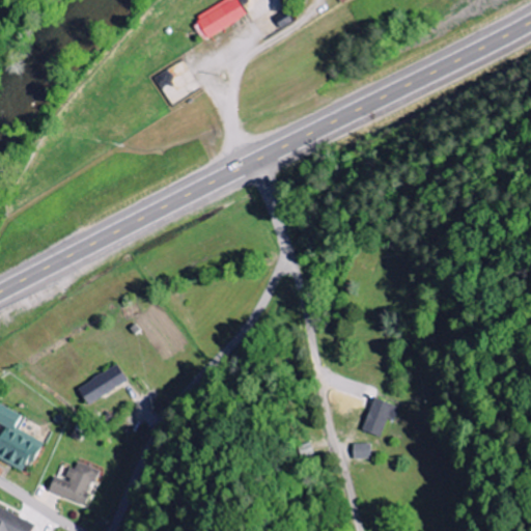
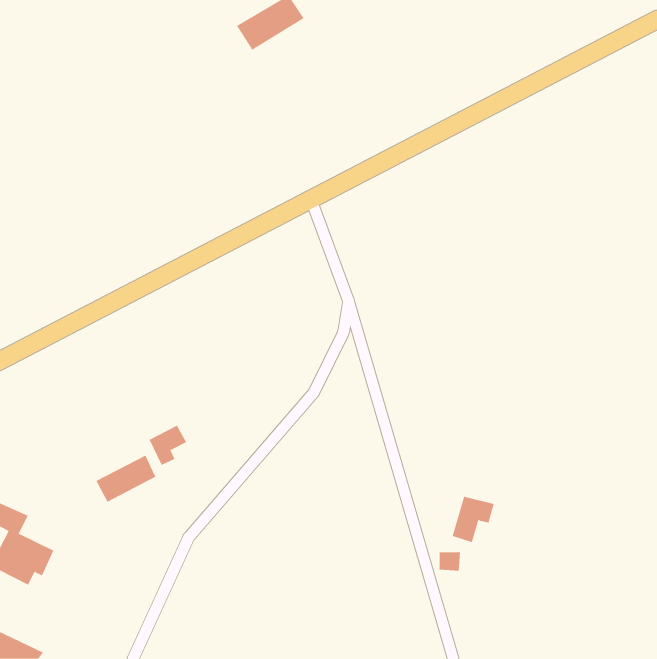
building: none -> [149,425,187,466]
building: [49,462,96,504] -> none

